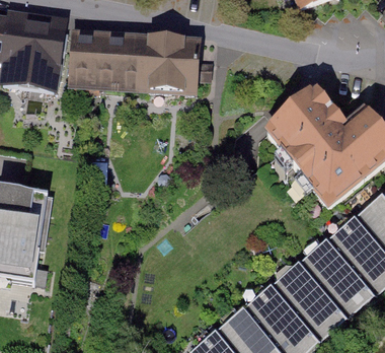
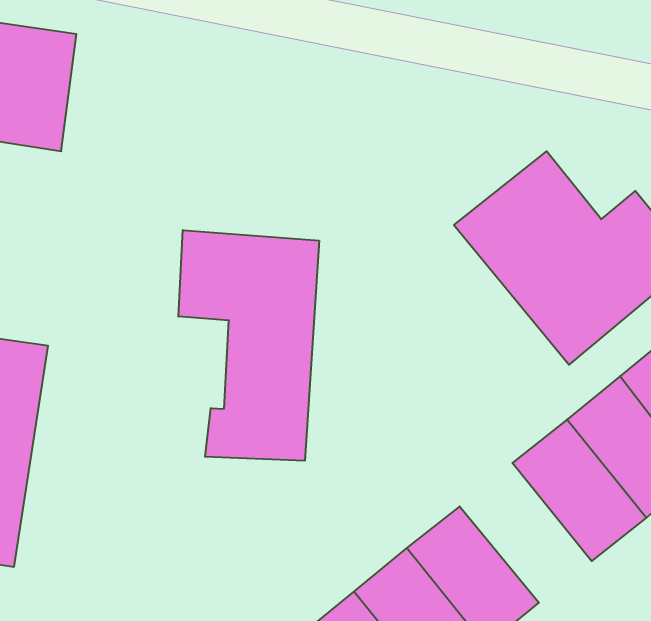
building: [71,32,201,89] -> none
building: none -> [178,230,319,461]
building: [271,257,341,332] -> none

